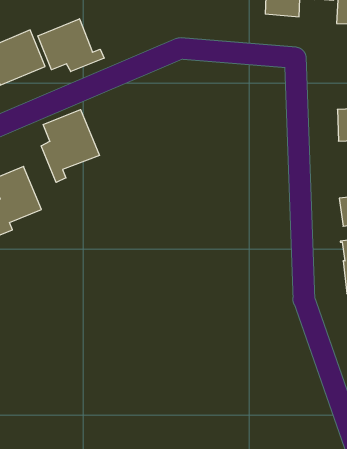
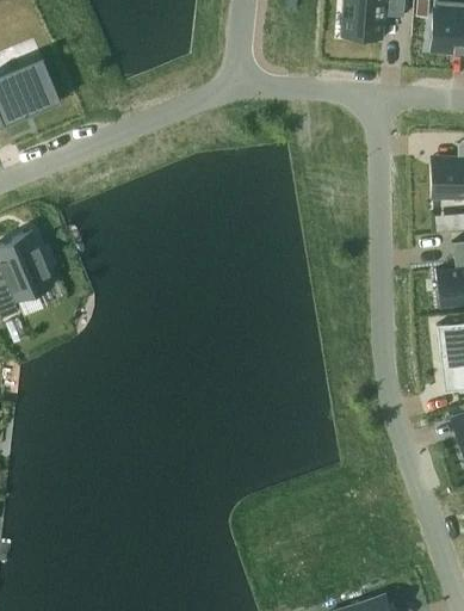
building: [38,19,104,72] -> none
building: [41,110,99,182] -> none

